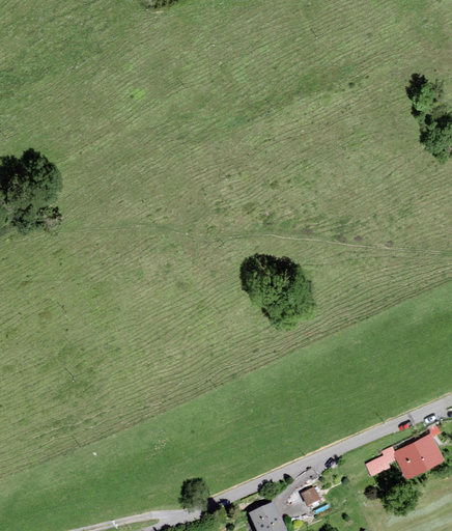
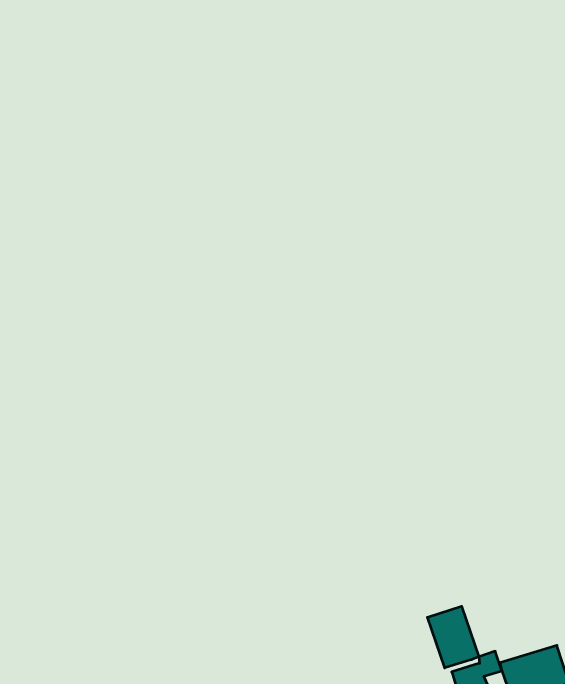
building: none -> [427,606,479,668]

